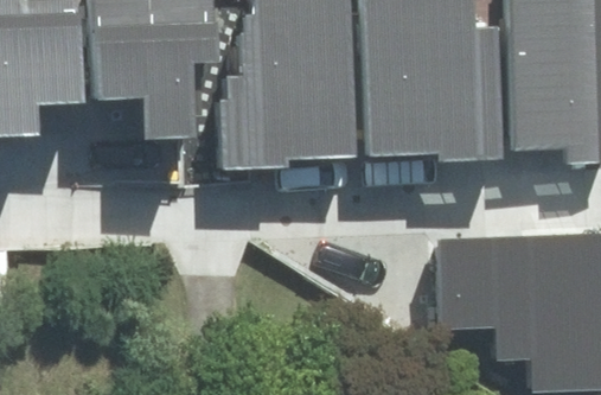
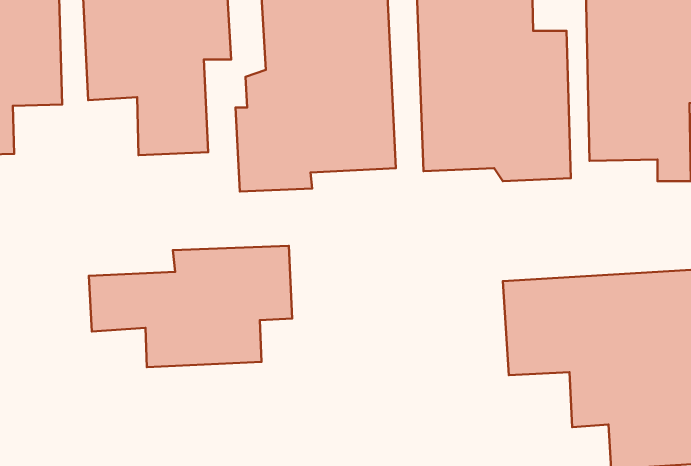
building: none -> [89,246,292,367]

